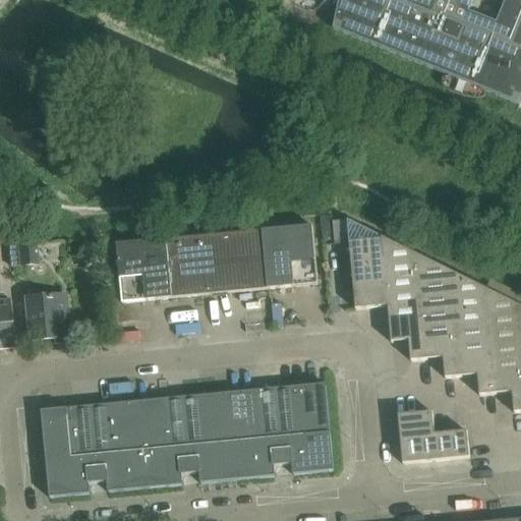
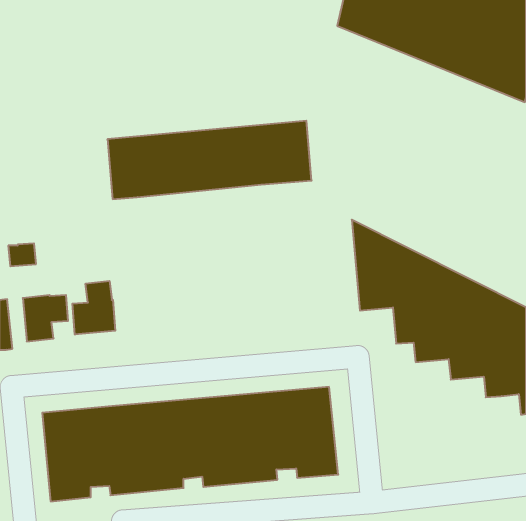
building: [116,222,317,299] -> [107,121,312,199]
building: none -> [72,281,115,335]
building: [398,409,469,461] -> none

